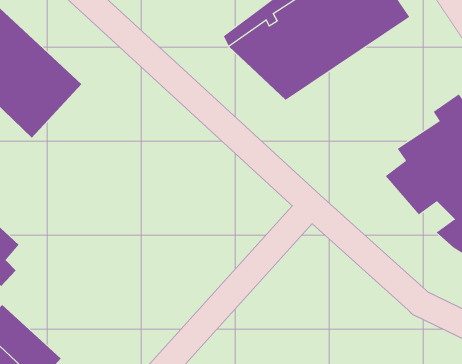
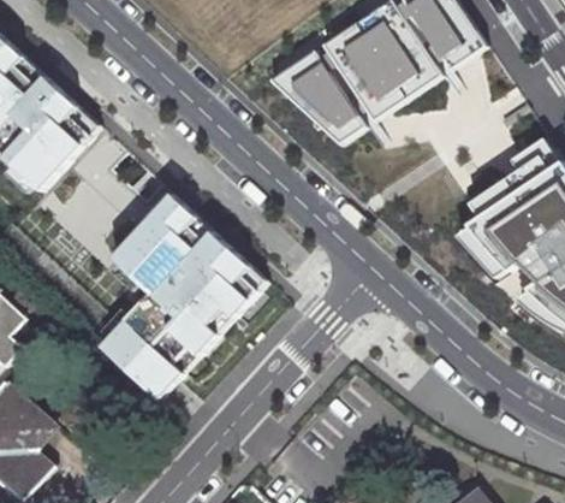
building: none -> [107,194,270,397]

